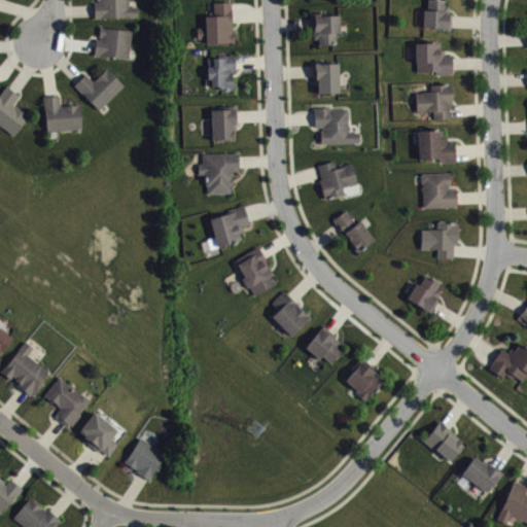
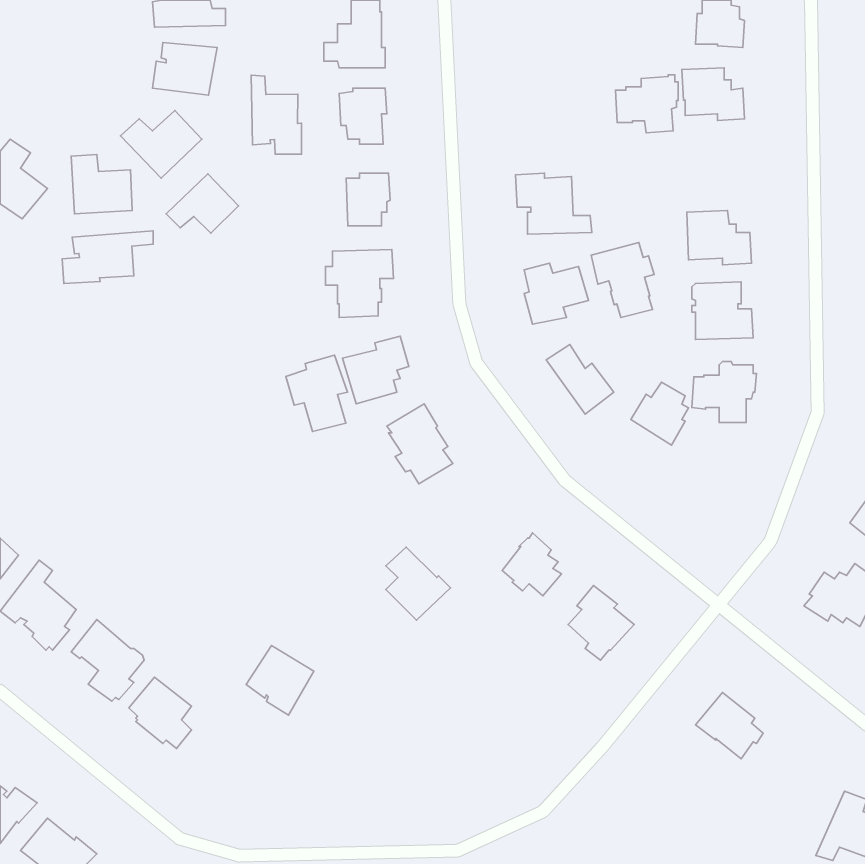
building: [311,13,341,44] -> none
building: none -> [251,75,302,154]
building: [313,63,340,94] -> none
building: [416,84,454,119] -> [616,75,678,133]
building: none -> [166,174,239,233]
building: none -> [62,231,153,284]
building: none -> [591,243,654,317]
building: none -> [286,355,348,431]
building: [407,276,442,314] -> [631,382,688,445]
building: [272,291,311,336] -> [386,547,450,620]
building: [125,438,166,481] -> [246,646,314,715]
building: [461,457,504,492] -> none

